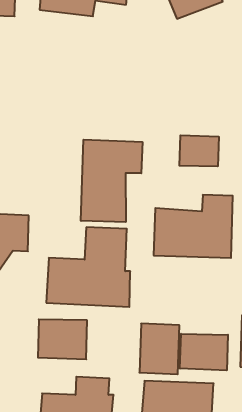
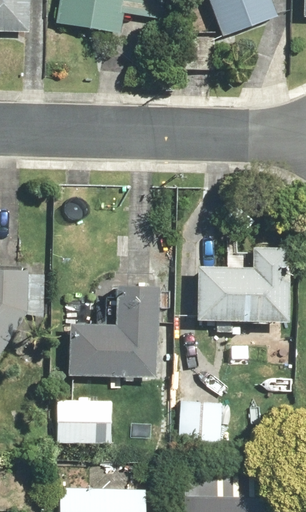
building: [179,135,219,166] -> none
building: [81,140,142,222] -> none
building: [180,334,228,370] -> none

